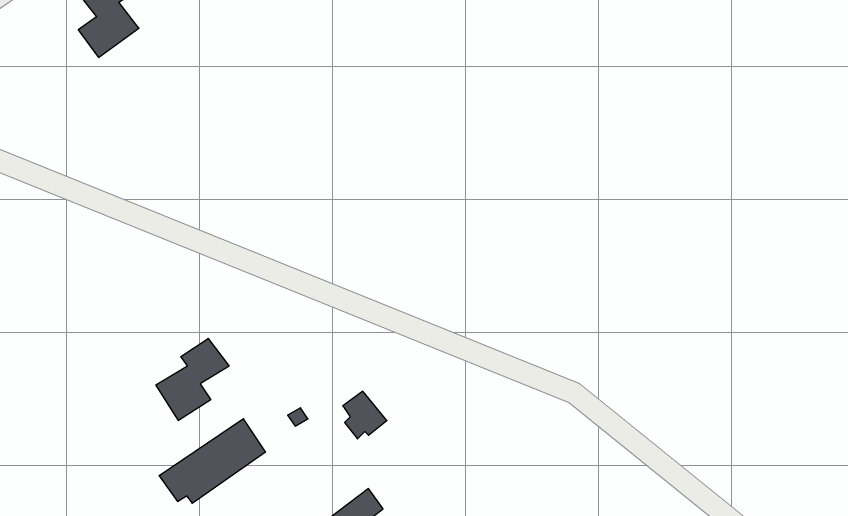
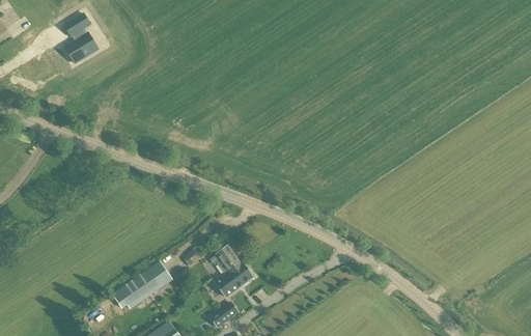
building: [156,338,229,421] -> none
building: none -> [214,261,252,296]

